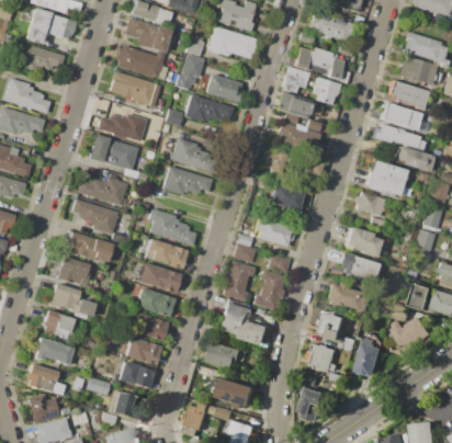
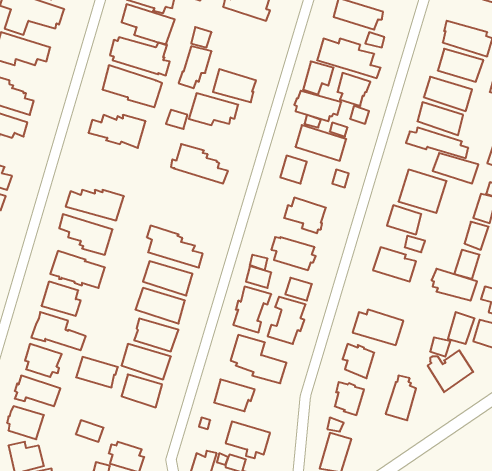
building: [207,25,257,59] -> none
building: [88,134,139,179] -> none
building: [162,166,212,194] -> none
building: [339,252,378,280] -> [431,269,477,301]
building: [118,362,155,388] -> [76,357,118,387]

